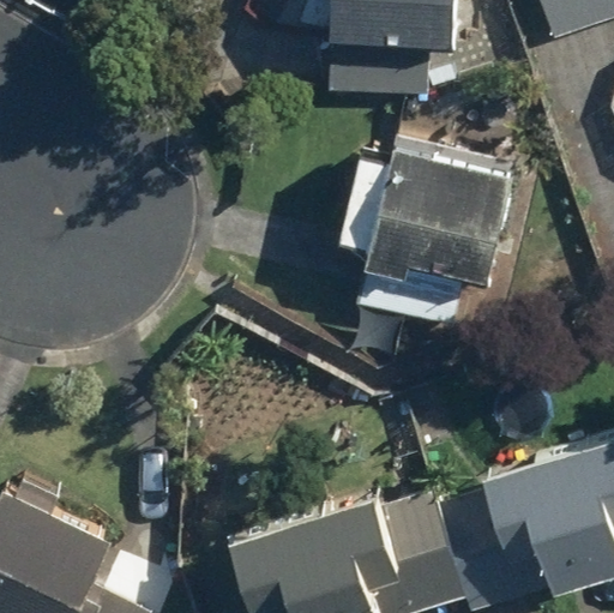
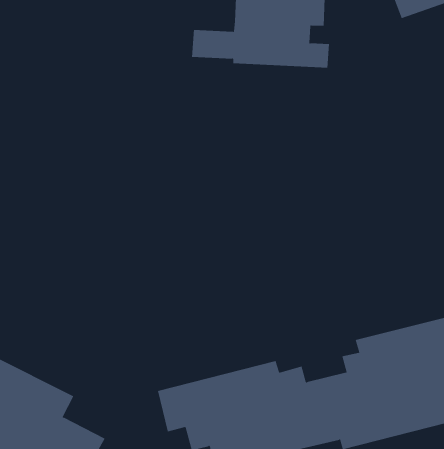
building: [339,140,512,329] -> none

